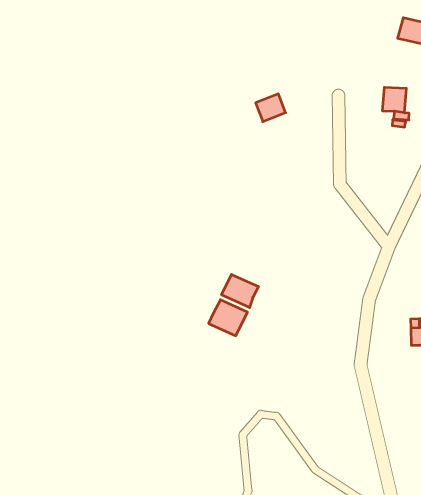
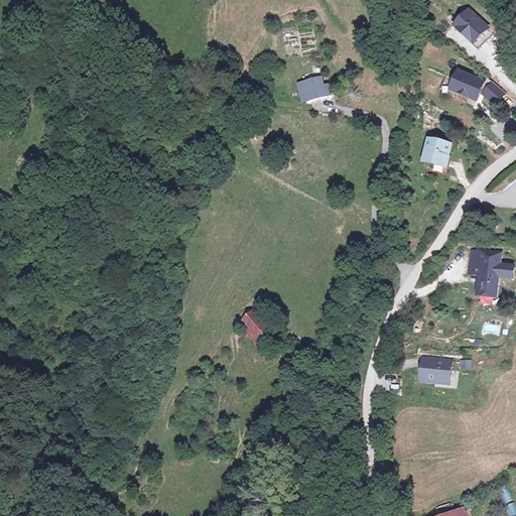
building: [256,94,286,122] -> [298,83,325,106]
building: [222,274,258,308] -> none

